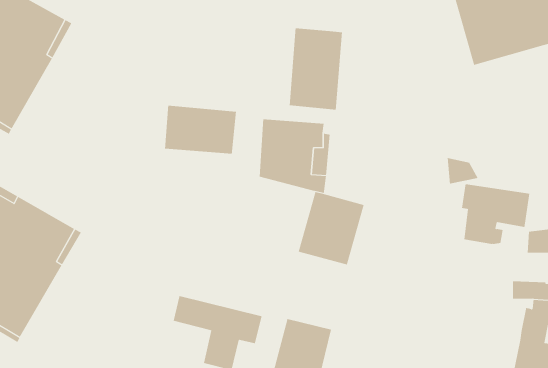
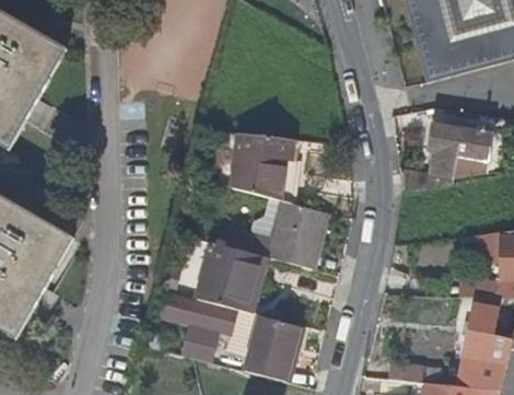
building: [289,28,342,110] -> none
building: [164,105,236,155] -> none
building: [461,184,530,244] -> [428,123,490,177]
building: none -> [196,240,262,309]

